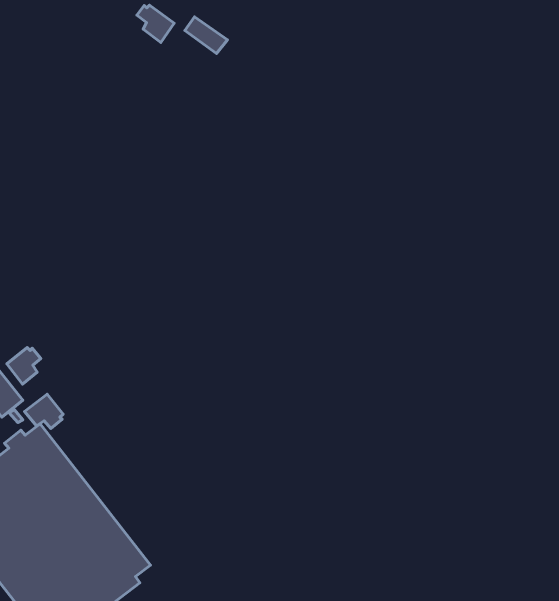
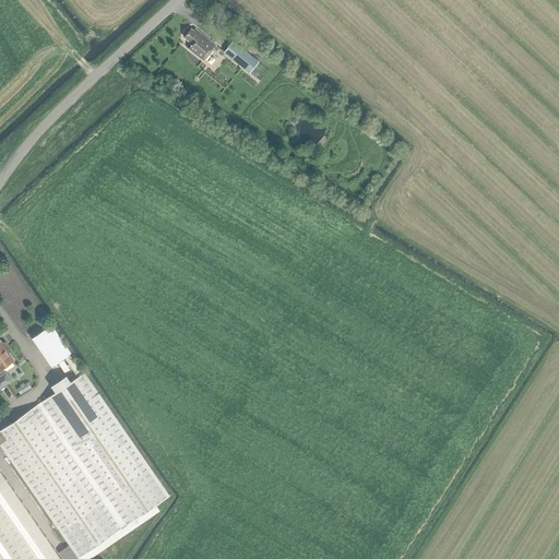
building: [7,347,41,384] -> none
building: [25,394,63,429] -> none

